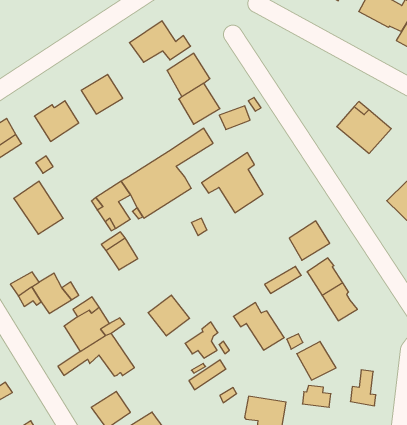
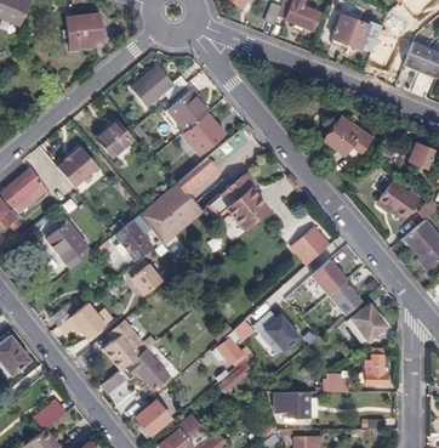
building: [148,295,190,336] -> none
building: [297,341,336,380] -> [352,305,388,340]

